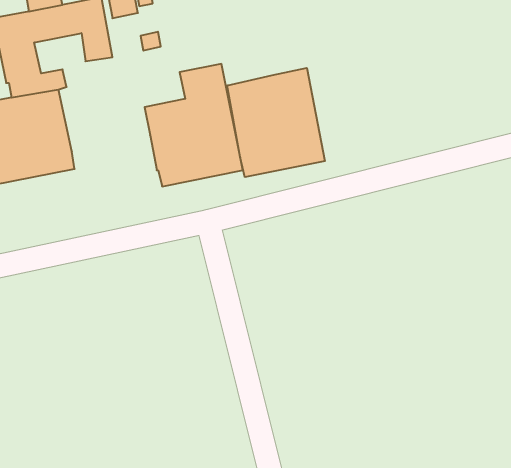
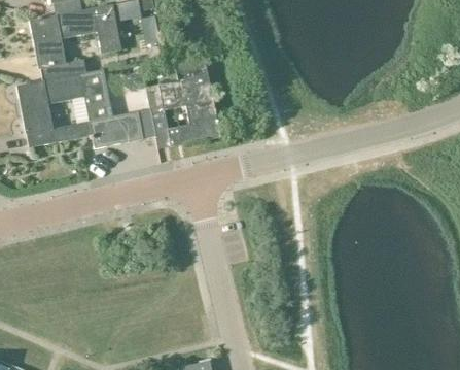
building: [227,68,325,177] -> none
building: none -> [79,69,154,148]

